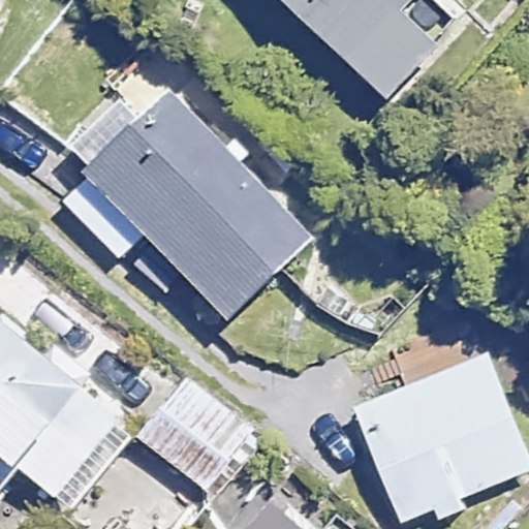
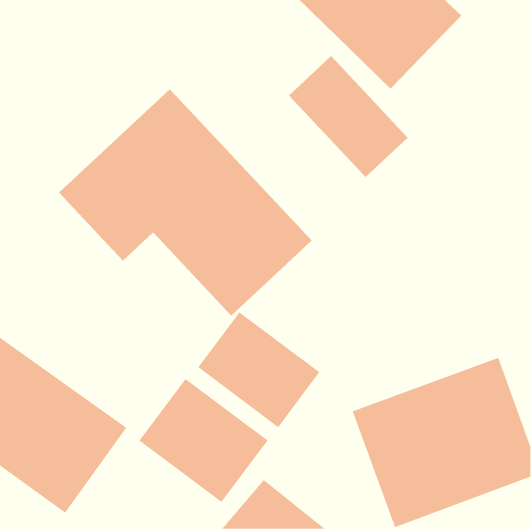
building: none -> [288,55,409,178]
building: none -> [197,311,320,428]

